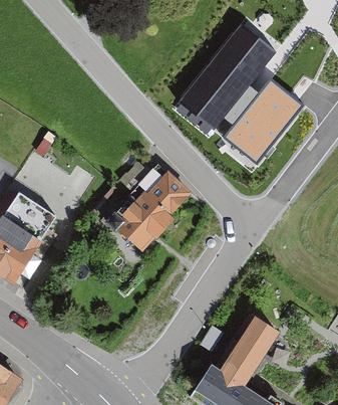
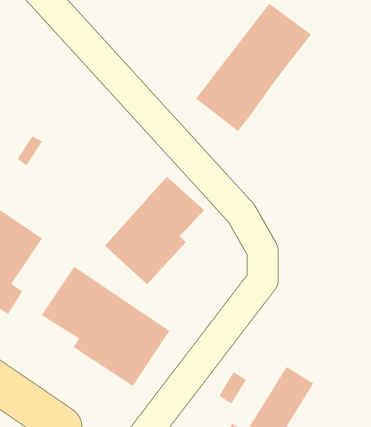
building: [224,79,303,163] -> none
building: none -> [41,266,170,387]

